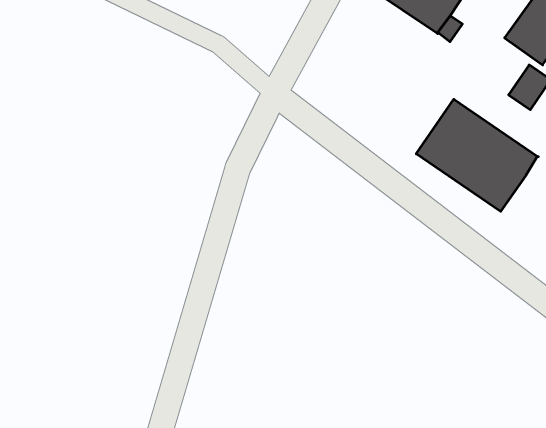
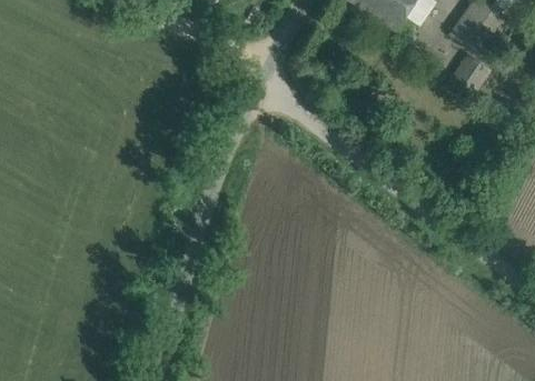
building: [416,99,538,211] -> none

